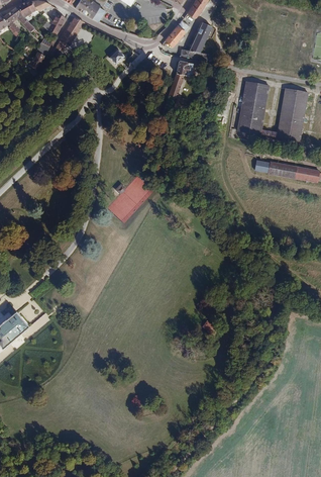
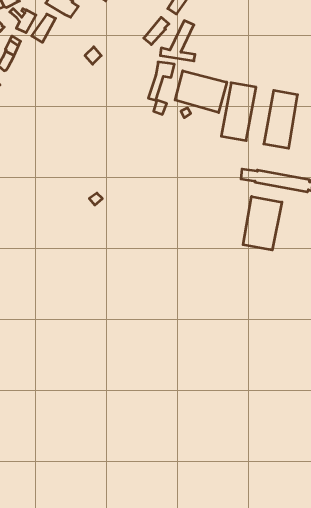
building: none -> [175,71,227,113]
building: none -> [243,196,282,250]

